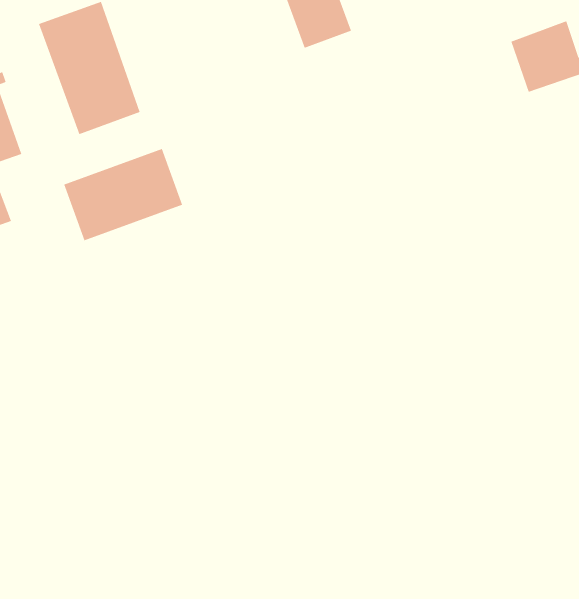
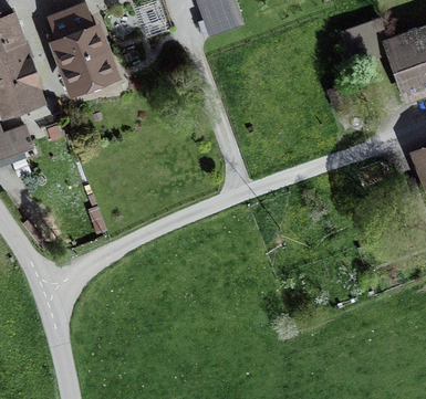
building: [63,148,183,241] -> none

